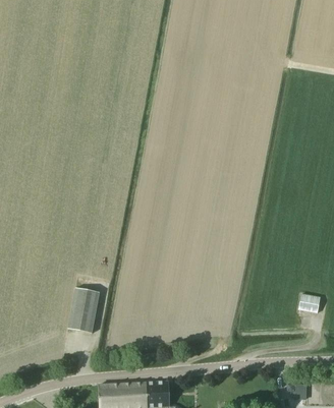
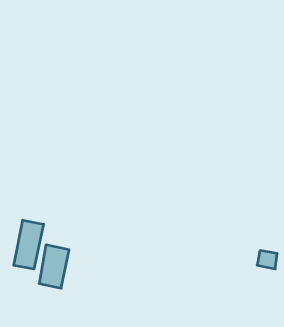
building: none -> [14,220,44,269]

